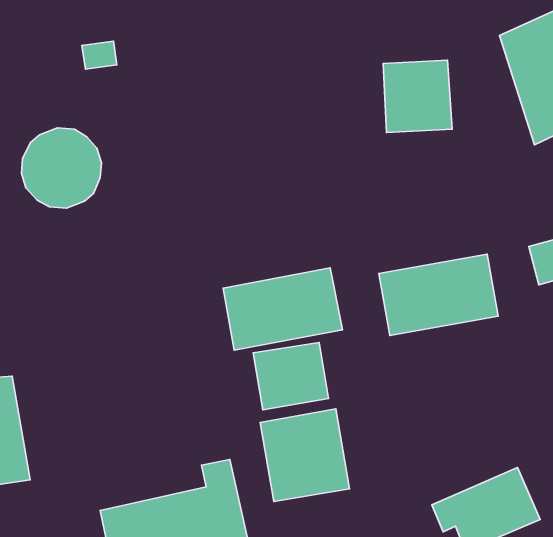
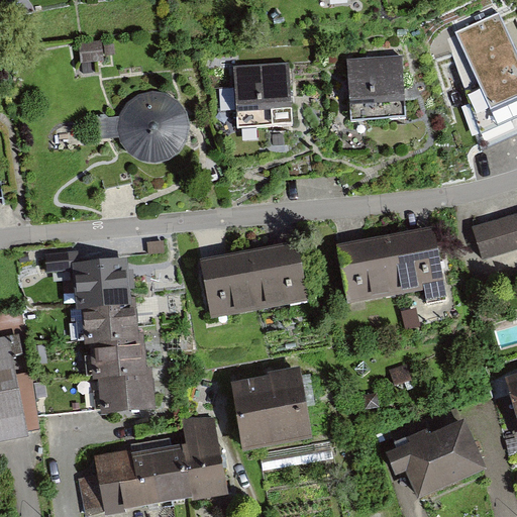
building: none -> [231,60,295,124]
building: [21,128,101,208] -> [117,92,189,164]
building: none -> [45,248,150,406]
building: [253,343,329,410] -> none

